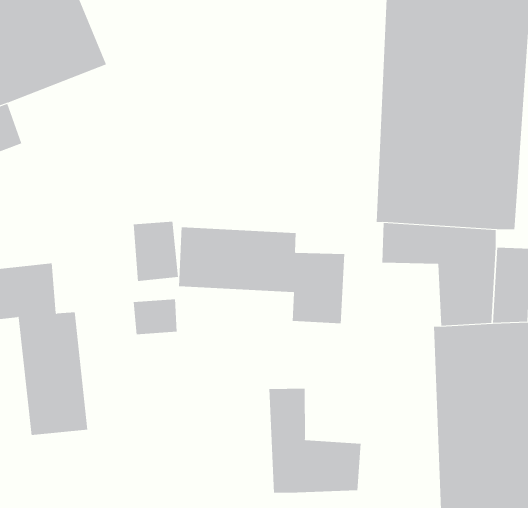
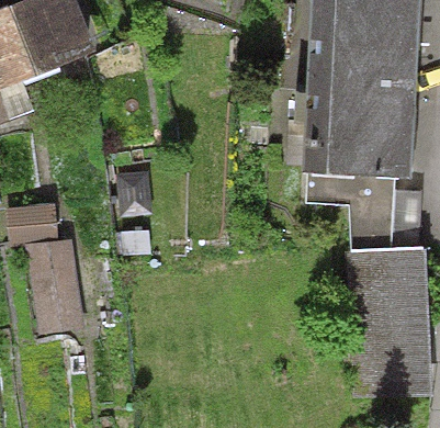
building: [178,227,345,324] -> none
building: [269,388,361,493] -> none

